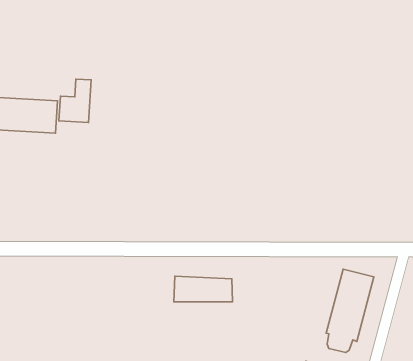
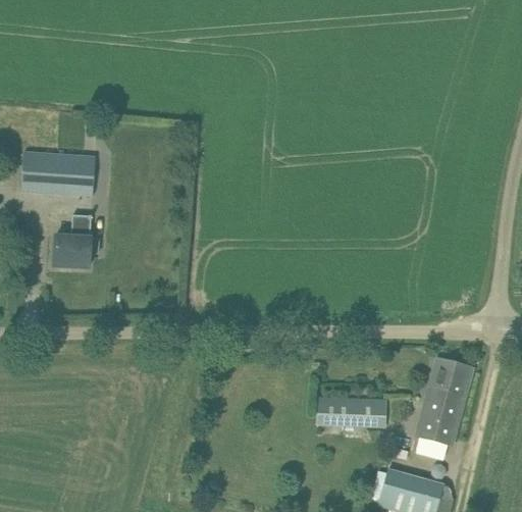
building: [59,79,91,123] -> [53,215,92,267]
building: [174,276,233,302] -> [316,395,386,425]

